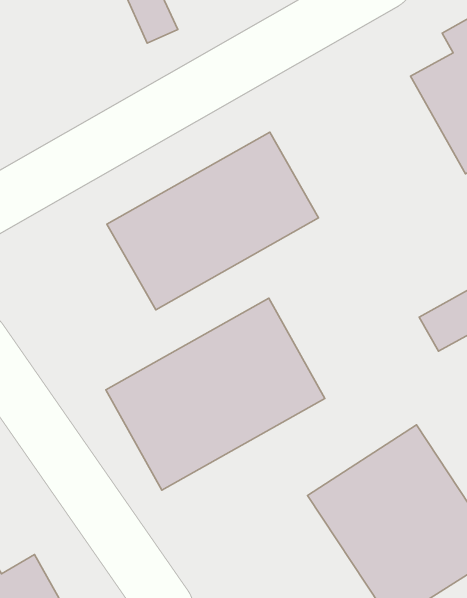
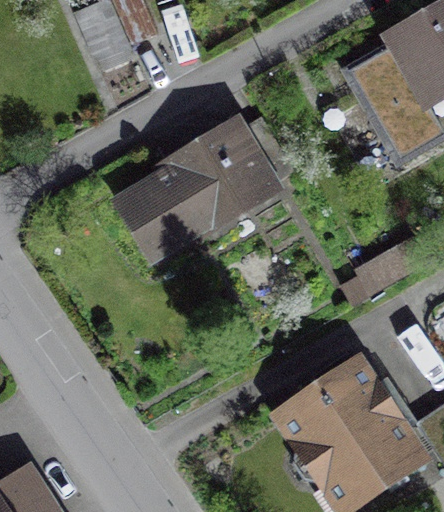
building: [106,298,325,490] -> none

